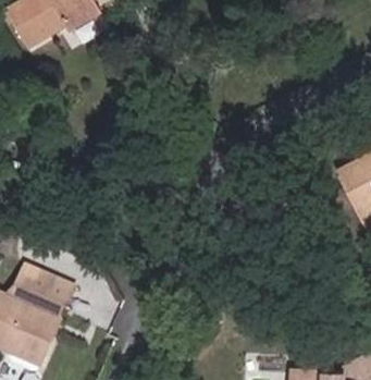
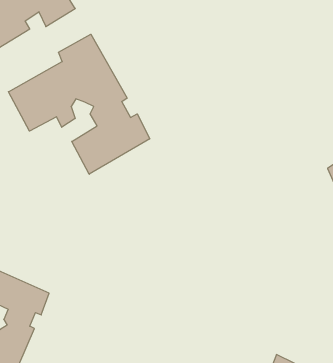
building: none -> [8,34,150,174]

